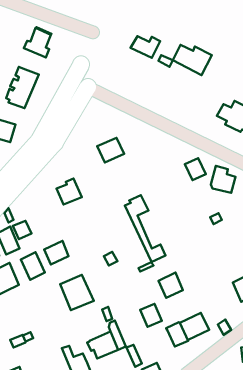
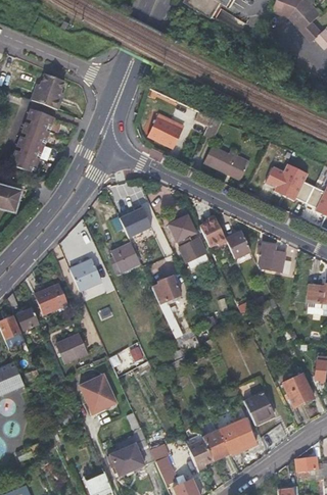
building: [131,36,160,58] -> [149,118,185,145]
building: [173,45,212,75] -> [204,142,251,179]
building: none -> [26,107,54,131]
building: none -> [169,213,205,260]
building: none -> [200,217,225,245]
building: none -> [111,243,140,270]
building: none -> [36,283,68,314]
building: [21,252,45,280] -> none
building: [158,272,183,298] -> [244,390,274,420]
building: [140,304,162,327] -> [187,439,214,466]

